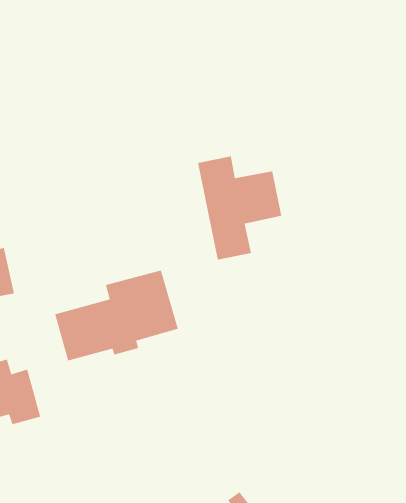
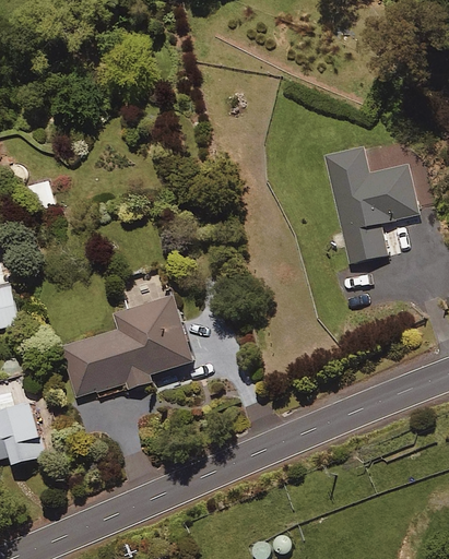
building: [197,155,282,261] -> [326,147,417,261]

